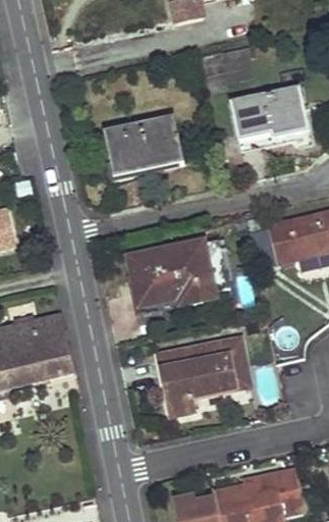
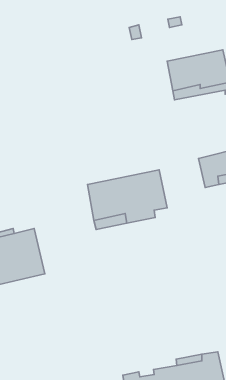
building: [104,117,182,175] -> none
building: [160,340,246,415] -> none

